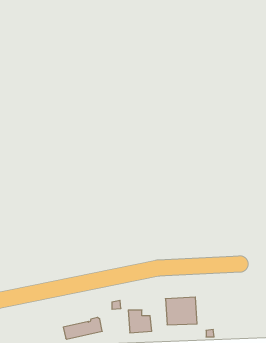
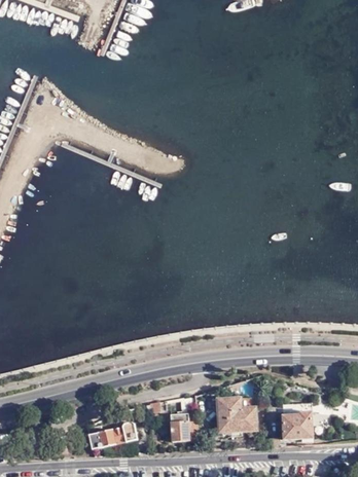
building: none -> [283,412,314,440]

